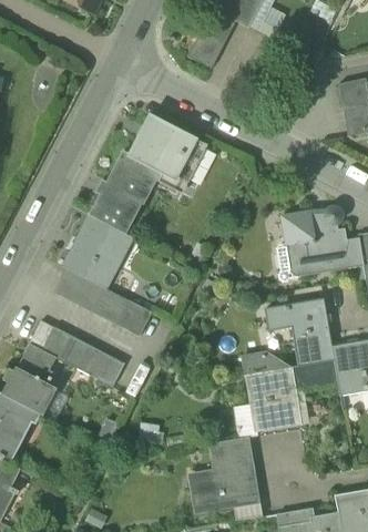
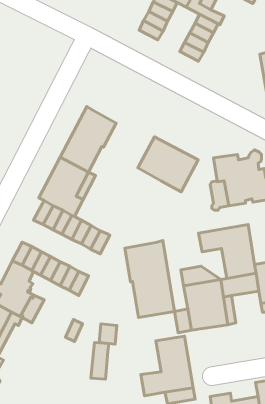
building: [130,116,205,185] -> [138,137,198,192]
building: none -> [125,240,175,318]
building: none -> [91,343,109,379]

